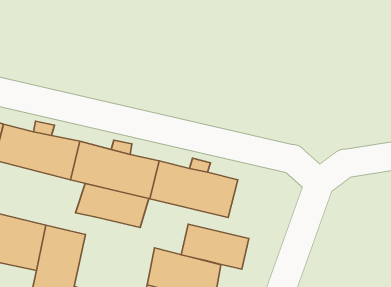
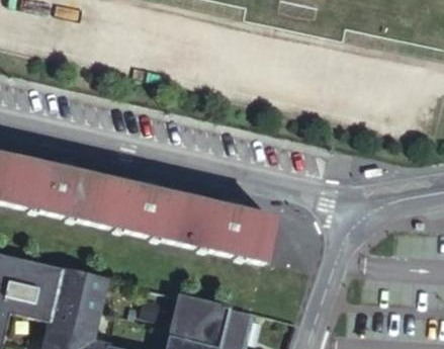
building: [75,183,149,228] -> none
building: [181,224,249,269] -> none

